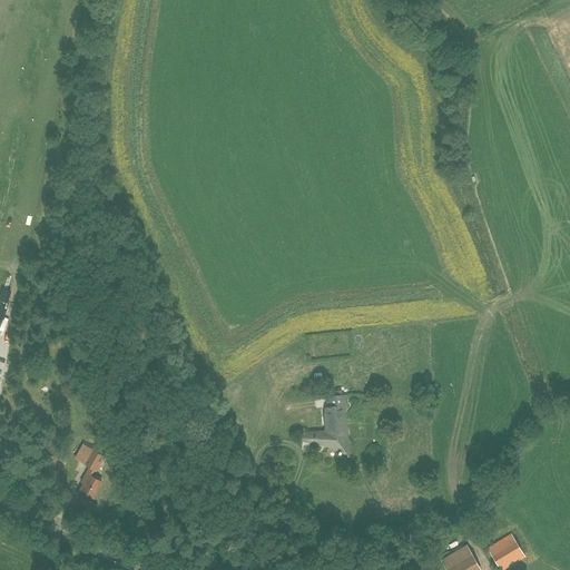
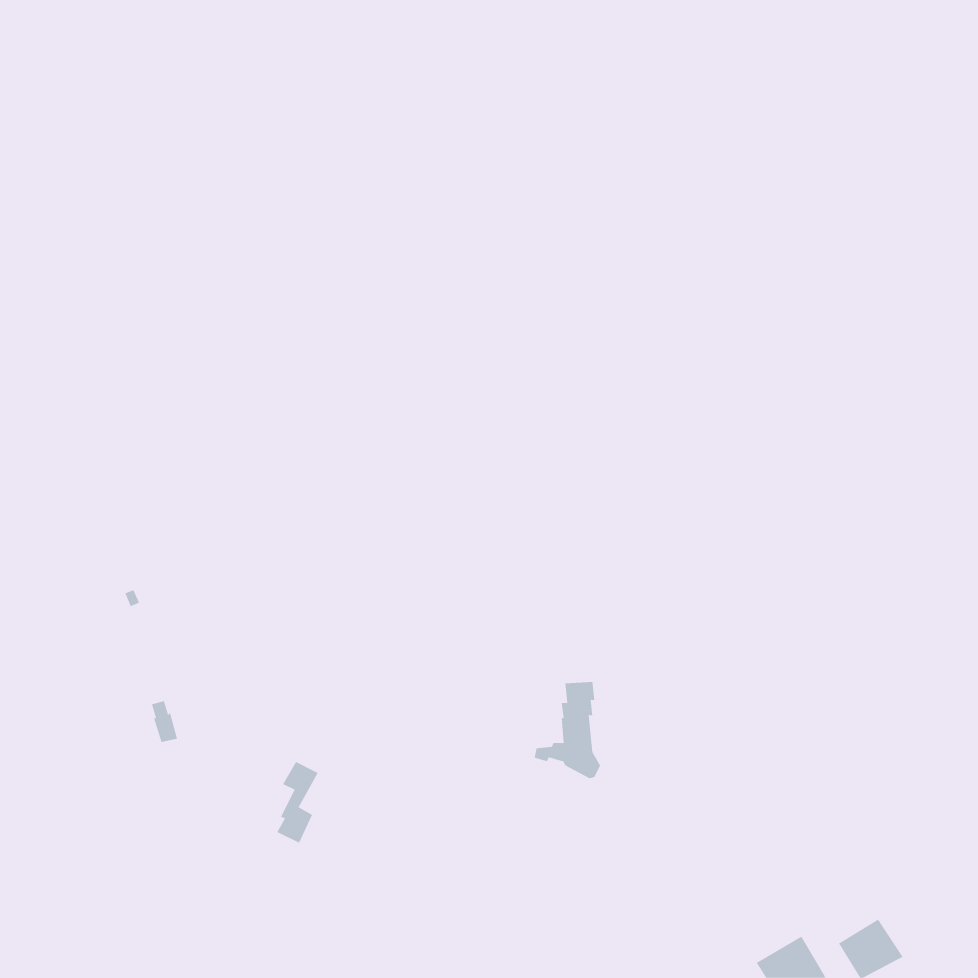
building: [80,450,105,498] -> [276,761,319,844]

